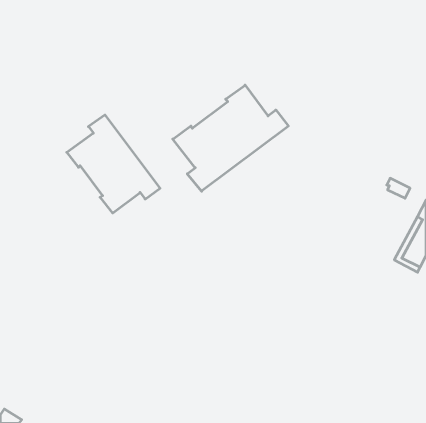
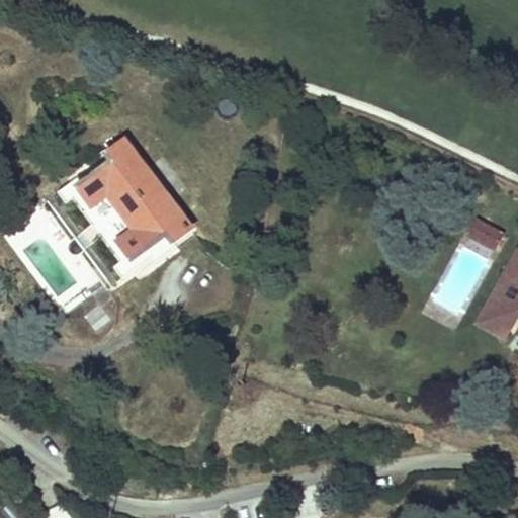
building: [173,85,288,191] -> none

